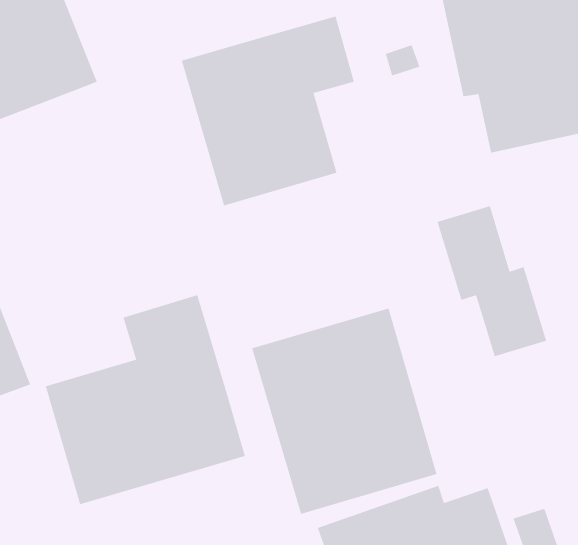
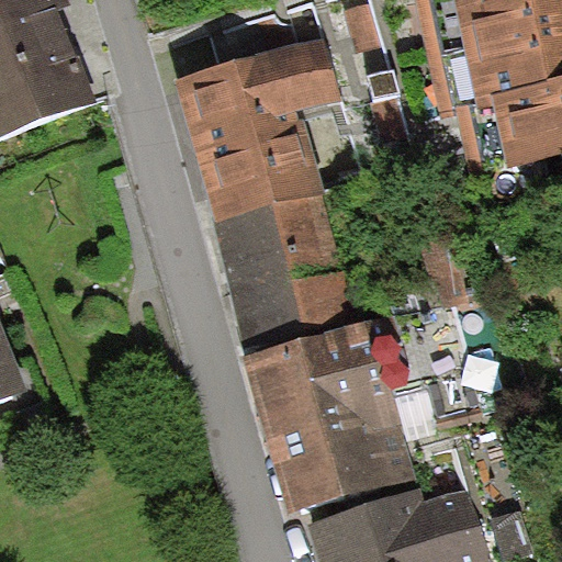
building: none -> [215,189,373,353]
building: [45,294,246,505] -> none

